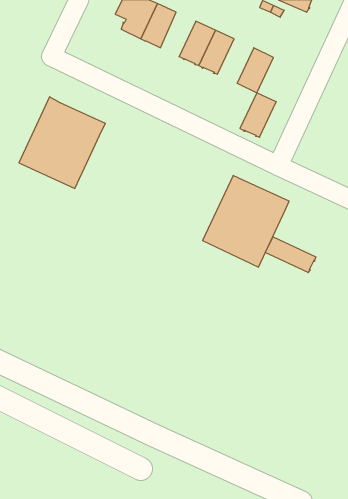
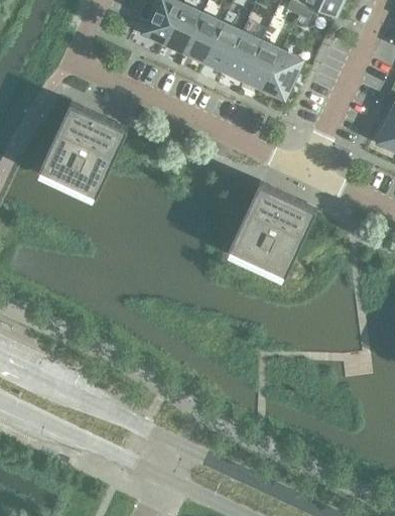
building: none -> [184,16,221,61]
building: [240,93,276,137] -> [243,43,280,89]
building: [265,237,316,273] -> none

